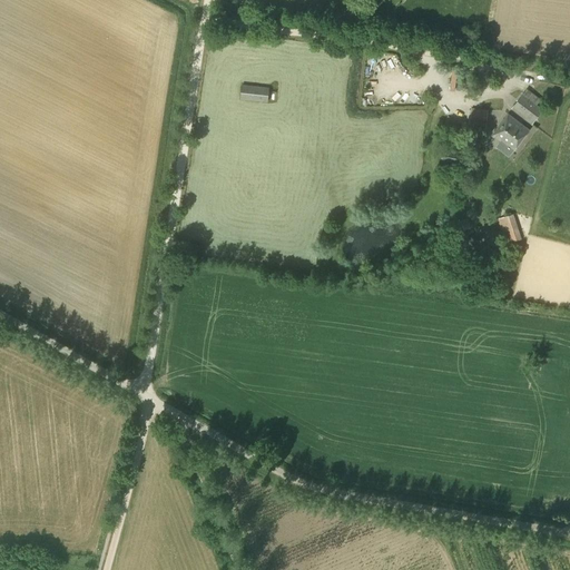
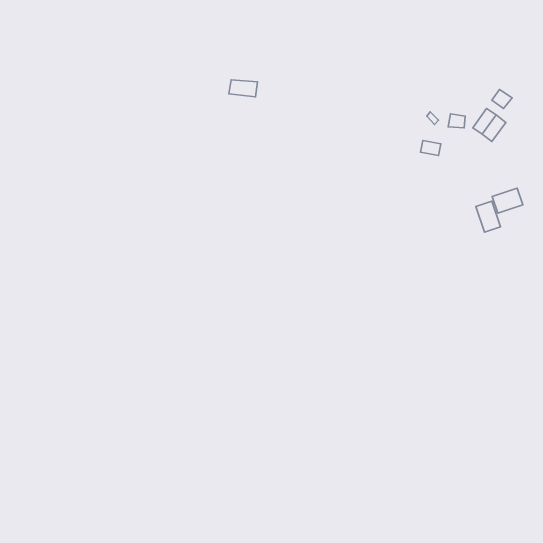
building: none -> [492,188,523,213]

